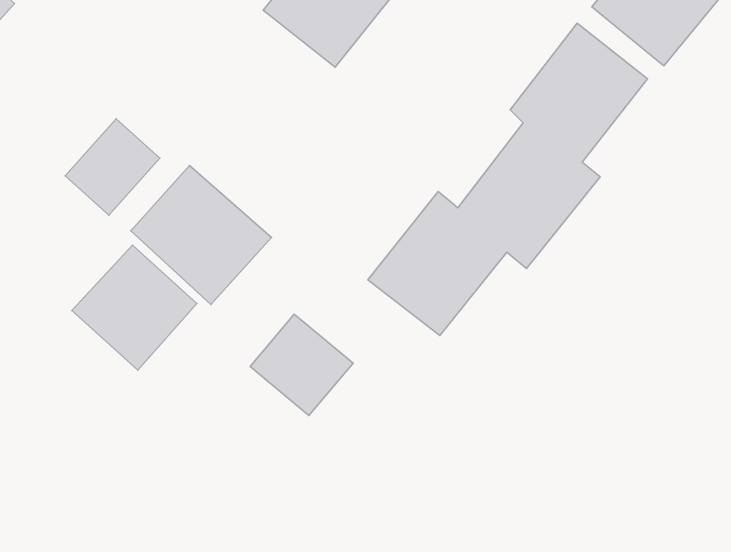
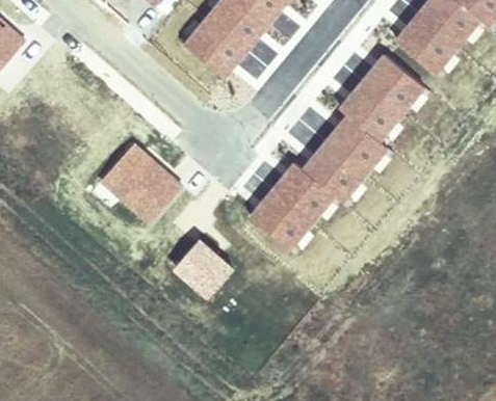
building: [65,119,160,215] -> none
building: [72,245,197,370] -> none

